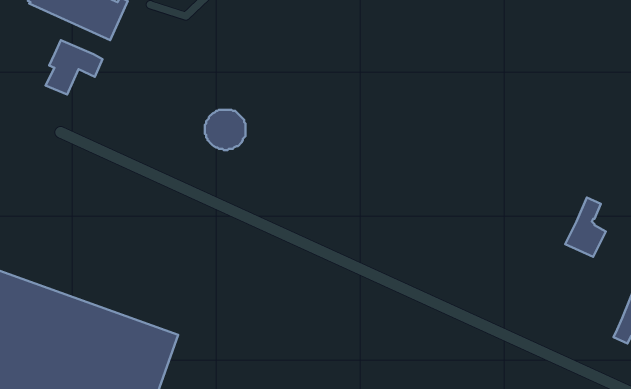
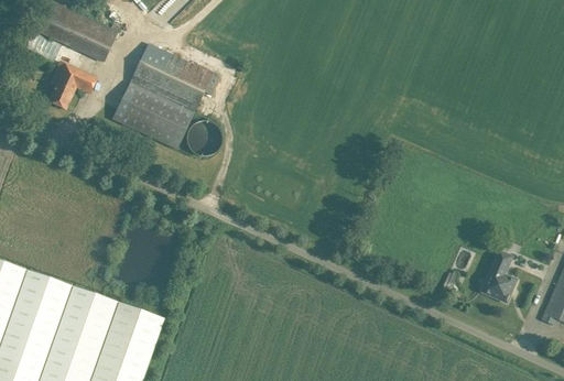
building: none -> [112,43,220,150]
building: [565,197,606,257] -> [482,250,518,302]

